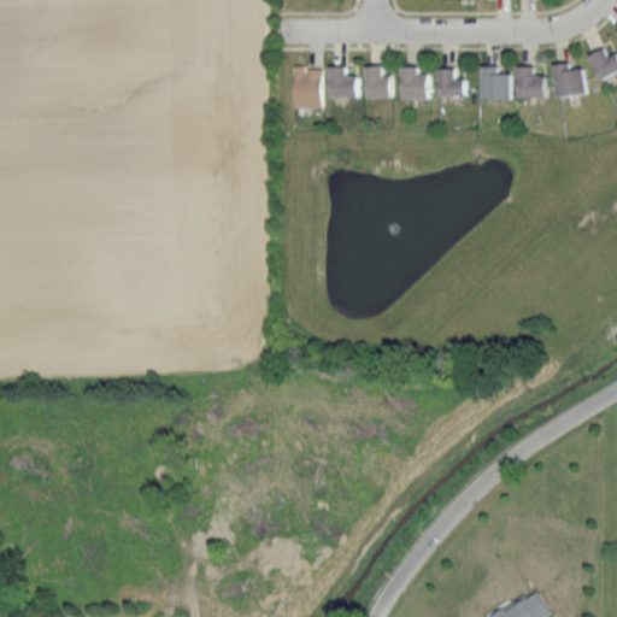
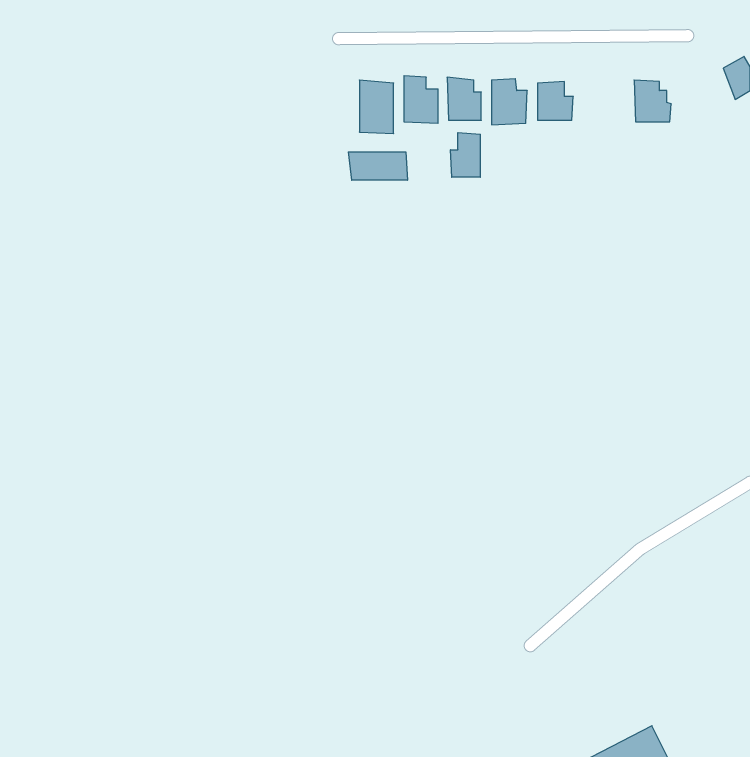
building: [552,63,584,99] -> none
building: [480,65,511,101] -> none
building: none -> [451,133,480,177]
building: none -> [348,152,407,180]

